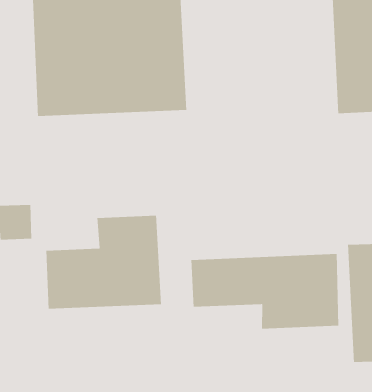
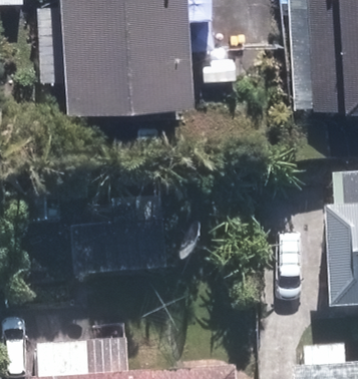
building: [191,253,339,329] -> none

